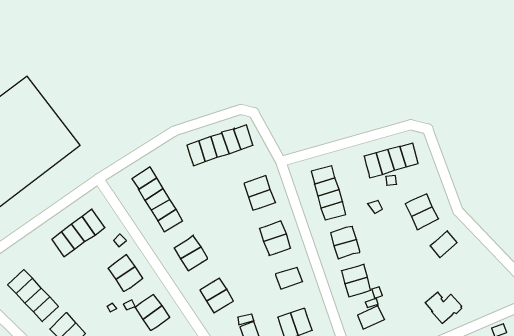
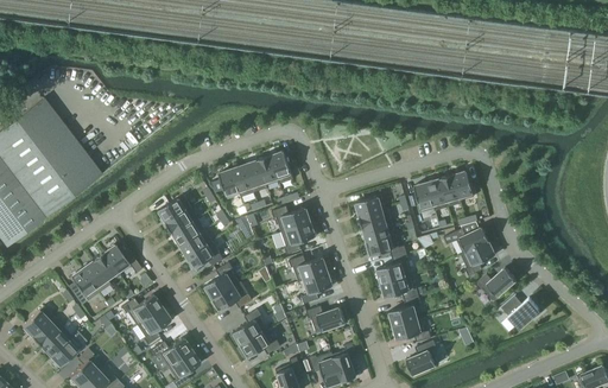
building: [425,292,462,323] -> [500,295,540,330]

